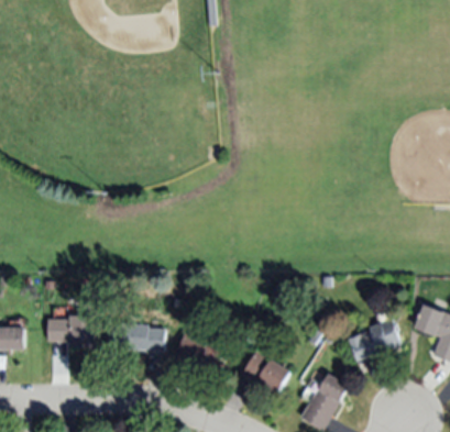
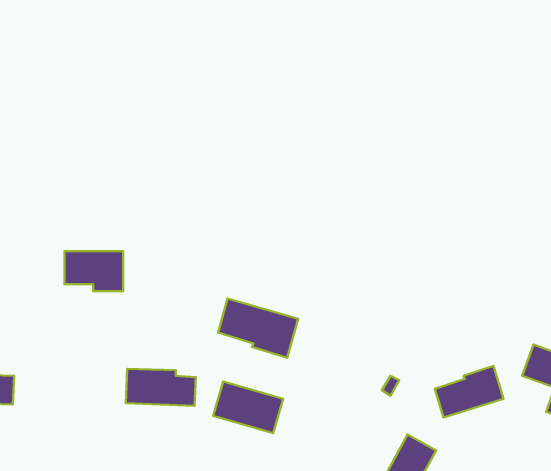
building: none -> [218,299,298,358]
building: [48,318,94,348] -> [64,251,123,291]
building: [242,351,292,394] -> none

